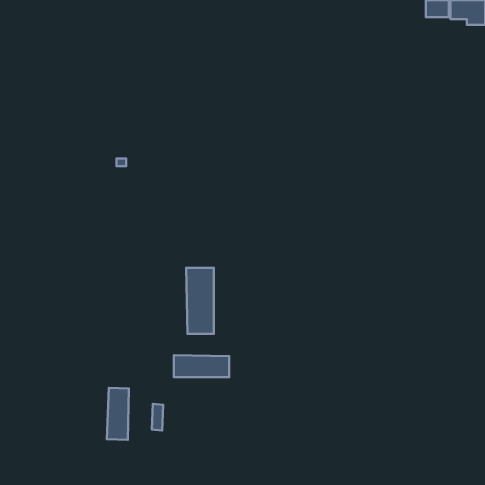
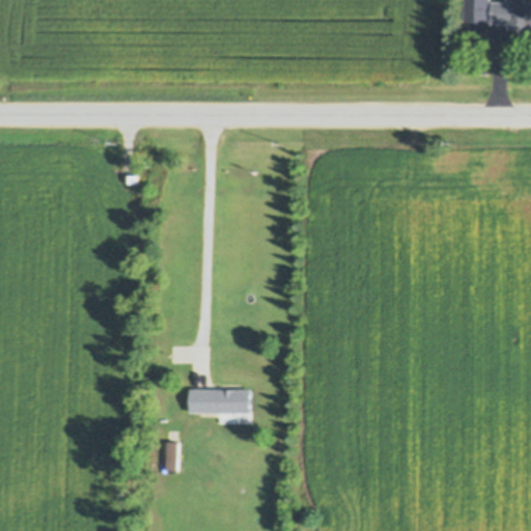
building: [186,268,214,334] -> none
building: [107,388,129,440] -> none

